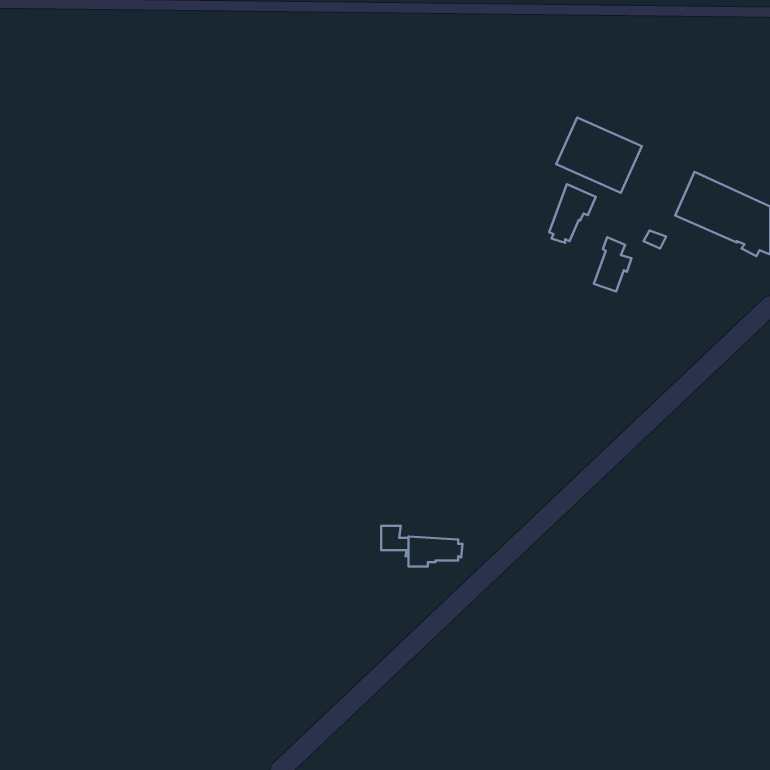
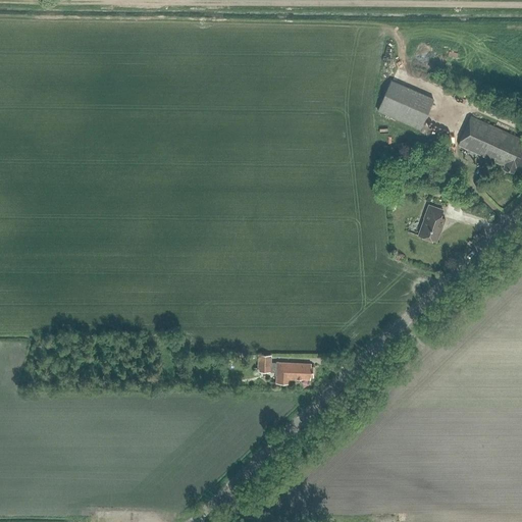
building: [549,184,596,243] -> none
building: [594,237,631,291] -> [420,205,446,242]

